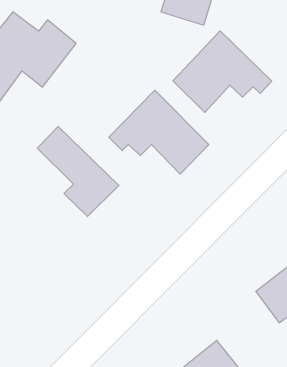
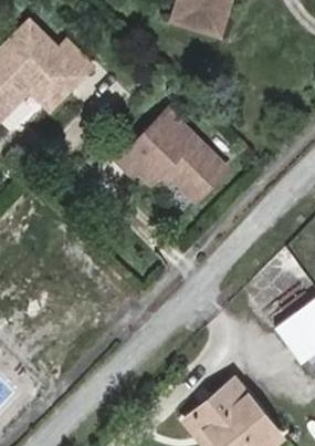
building: [173,31,272,112] -> none
building: [37,126,119,217] -> none

